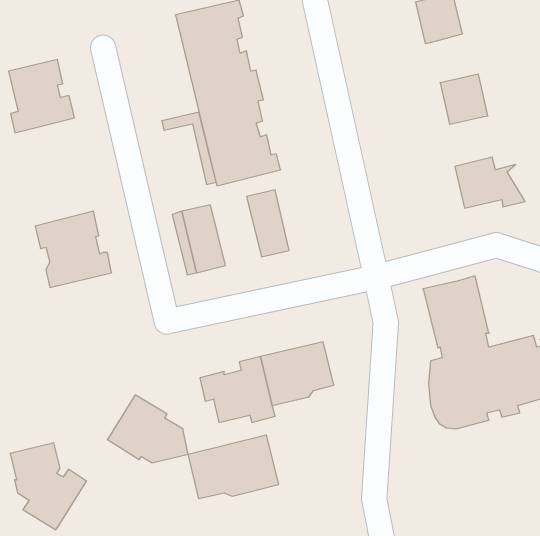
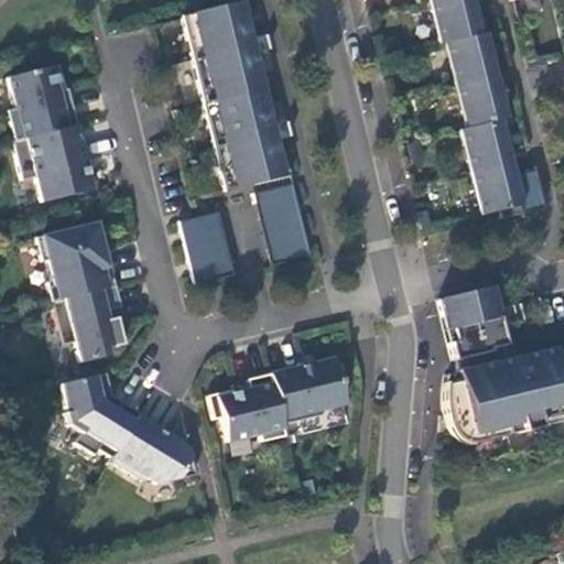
building: none -> [449,34,499,86]
building: [162,112,216,184] -> [257,185,313,260]
building: none -> [465,121,513,173]
building: none -> [17,122,96,199]
building: none -> [55,283,126,359]
building: [188,435,278,499] -> none
building: [10,443,87,530] -> [64,370,143,460]

